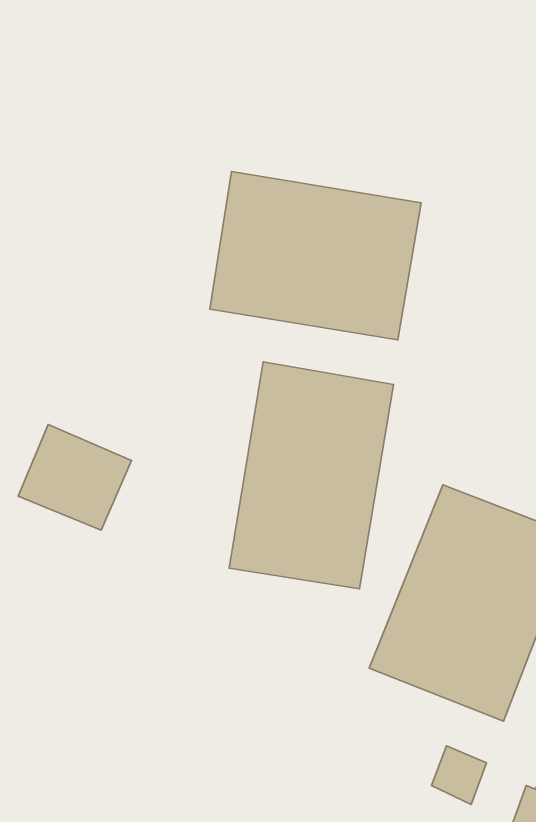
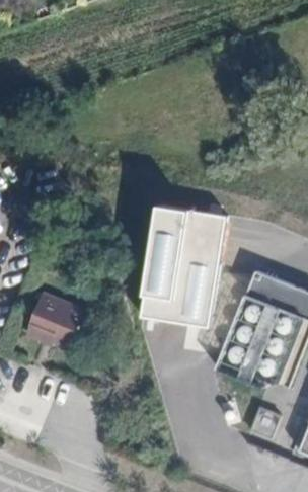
building: [210,172,421,340] -> none
building: [18,424,132,530] -> [25,292,86,348]

